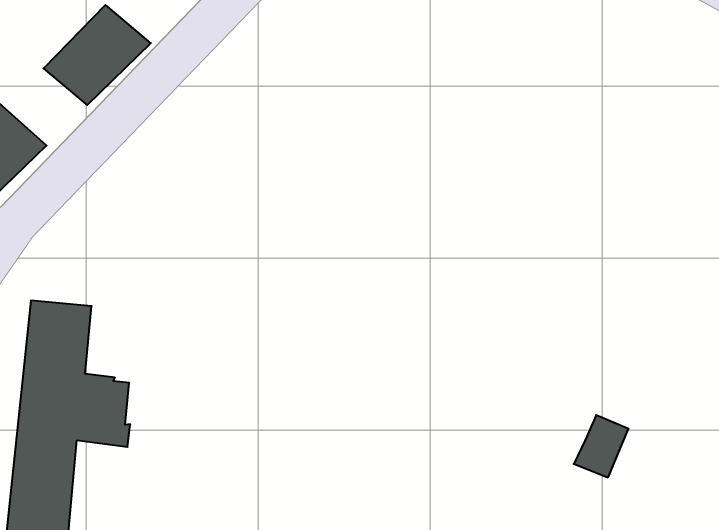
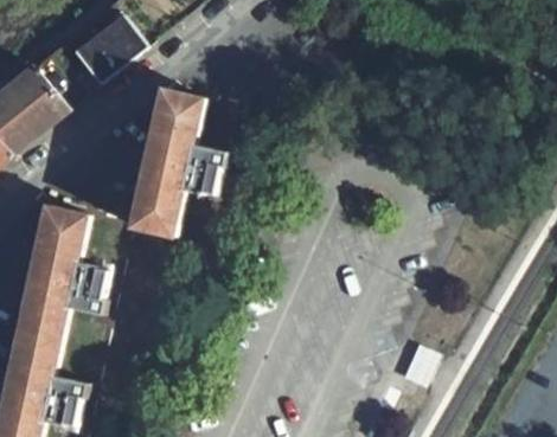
building: none -> [127,91,224,238]

